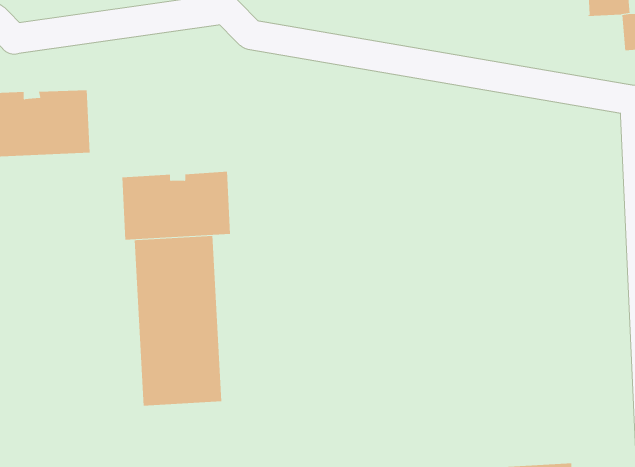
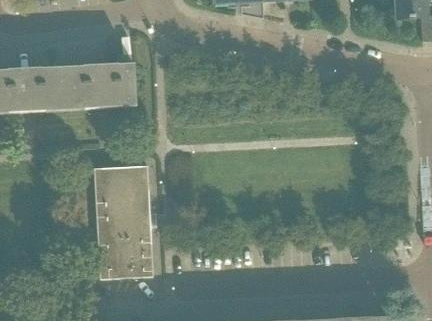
building: [121,171,231,240] -> [63,63,136,109]

